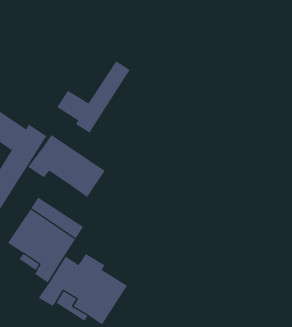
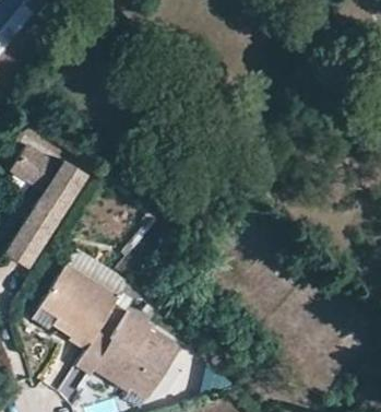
building: [57,60,131,134] -> none
building: [27,134,105,198] -> none

